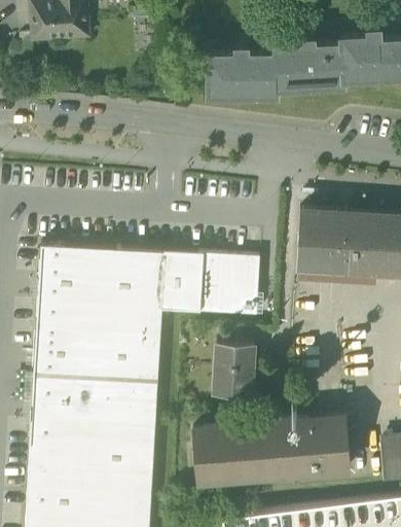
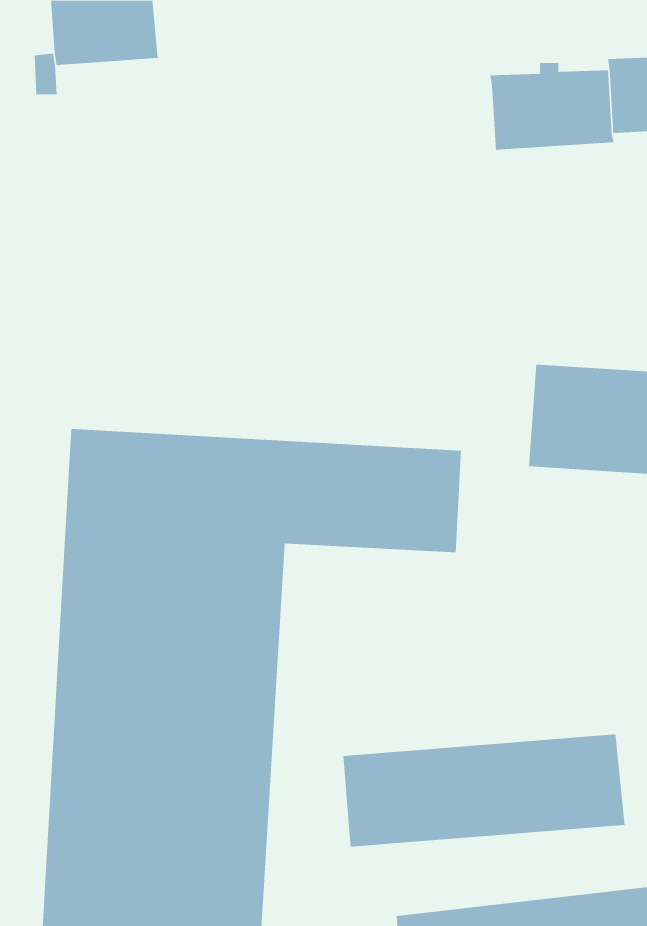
building: [209,50,279,98] -> none
building: [215,343,255,397] -> none

